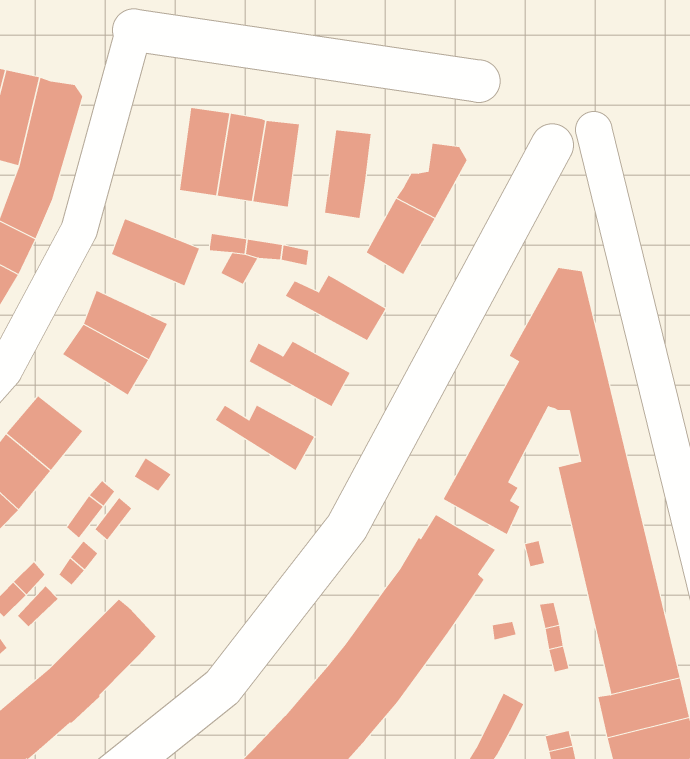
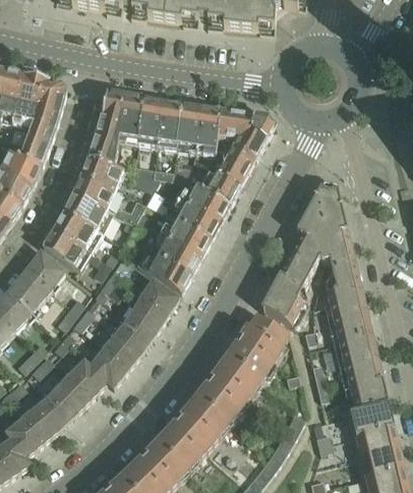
building: none -> [87,92,123,165]
building: none -> [176,104,201,152]
building: none -> [218,109,253,138]
building: none -> [201,173,238,204]
building: none -> [72,174,144,223]
building: none -> [170,197,219,238]
building: none -> [42,228,110,277]
building: none -> [151,232,199,273]
building: none -> [91,280,177,386]

